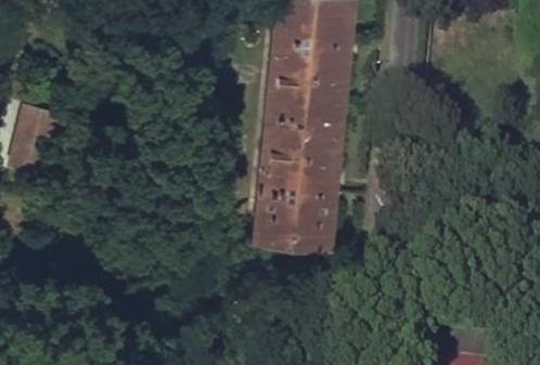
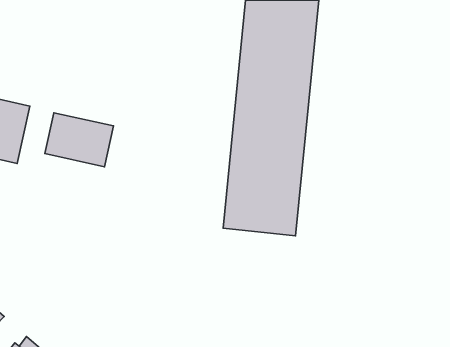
building: none -> [45,113,113,167]

